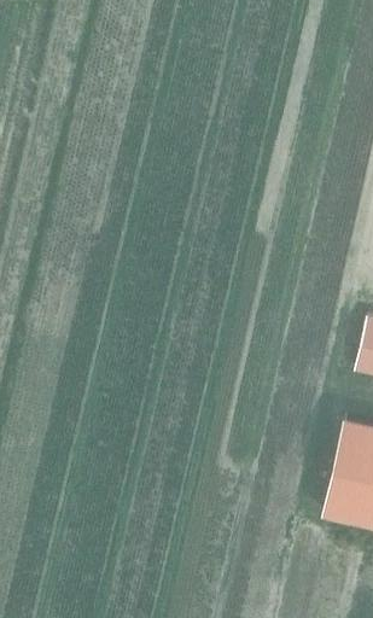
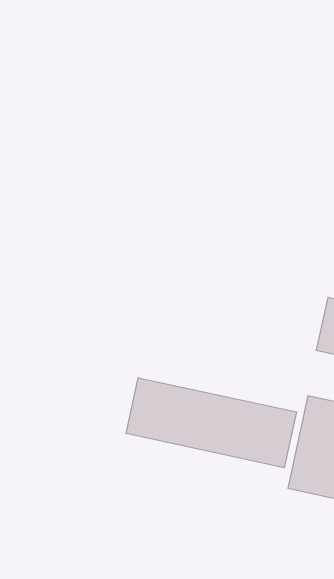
building: none -> [126,378,296,468]

